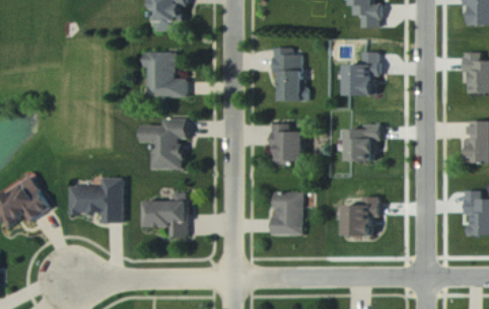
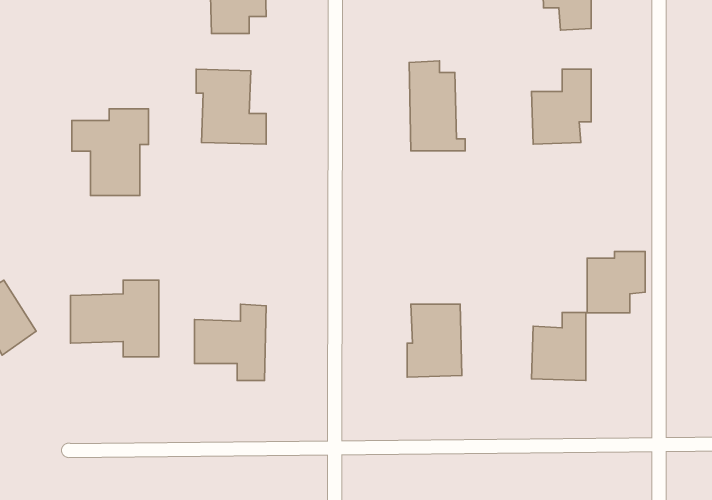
building: [141,118,187,169] -> [72,109,148,195]
building: [270,124,302,162] -> none
building: [347,125,381,161] -> [587,251,645,313]

